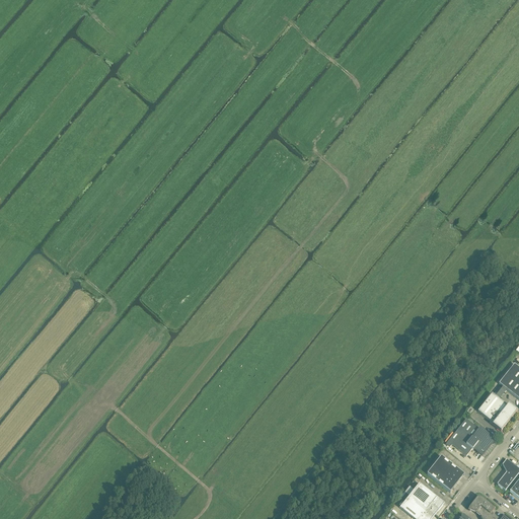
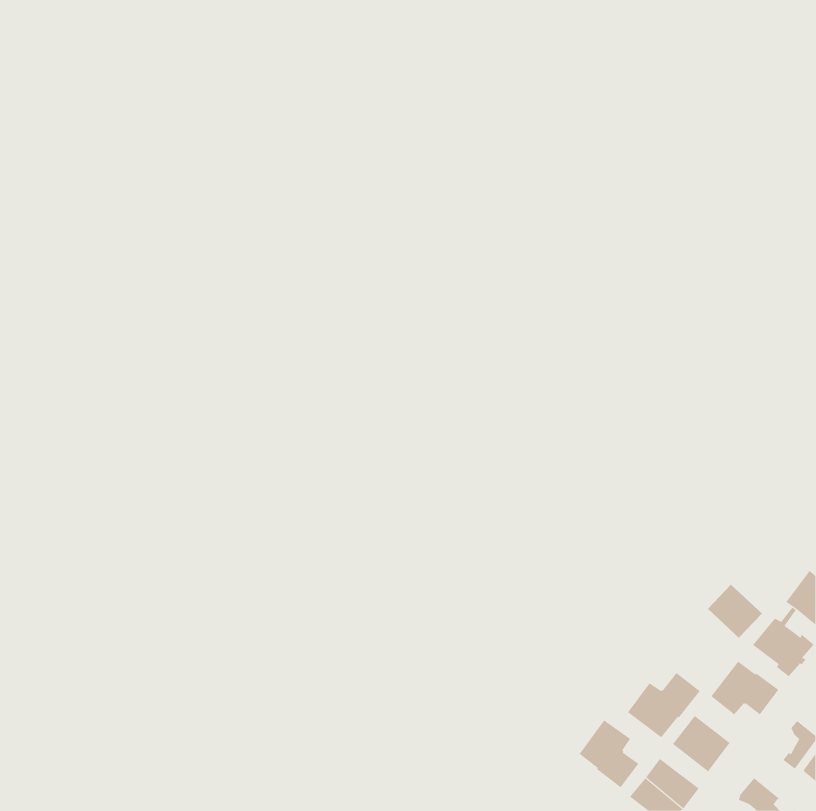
building: none -> [707,584,763,639]
building: none -> [627,672,701,738]
building: none -> [579,720,639,788]

